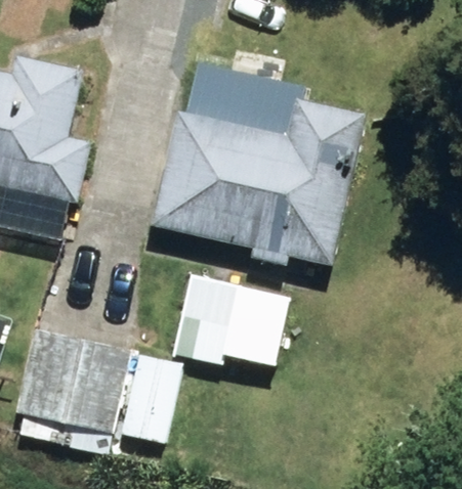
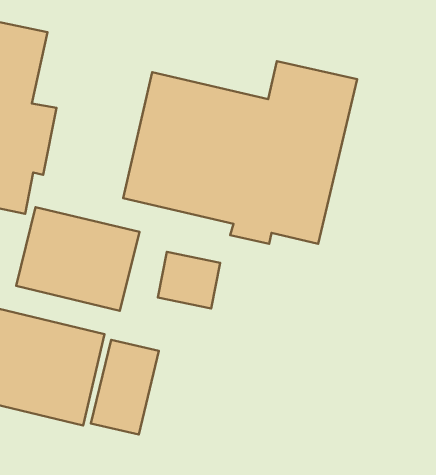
building: none -> [16,207,140,311]

